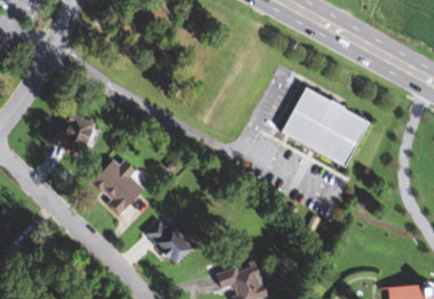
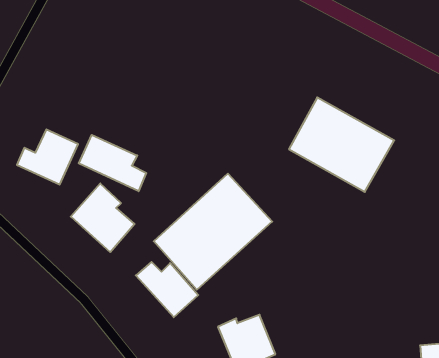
building: none -> [79,135,146,191]
building: none -> [154,174,272,290]

